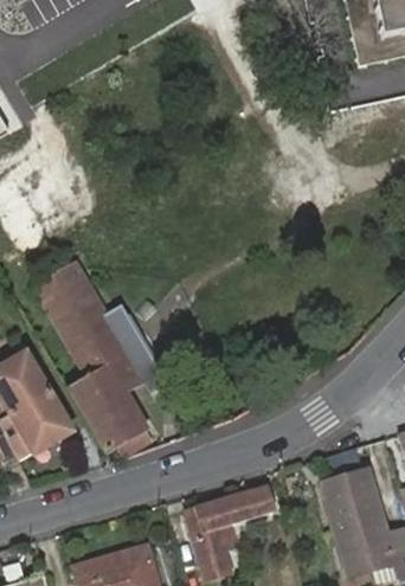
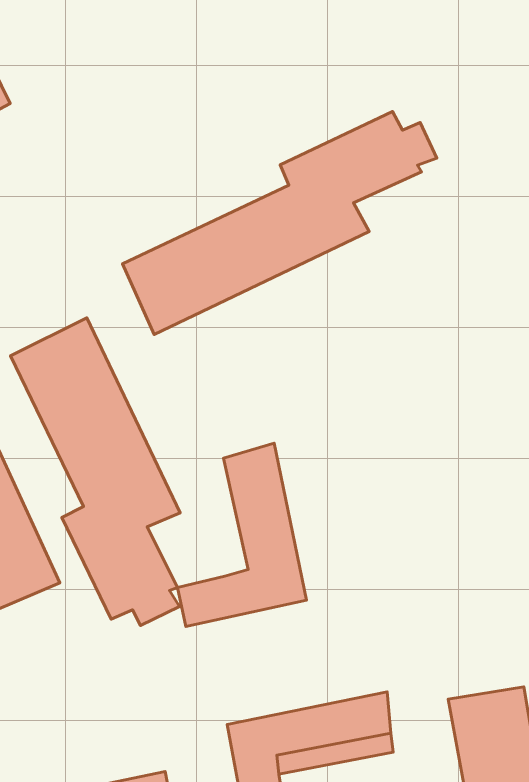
building: none -> [122,112,437,334]
building: none -> [177,443,306,627]

